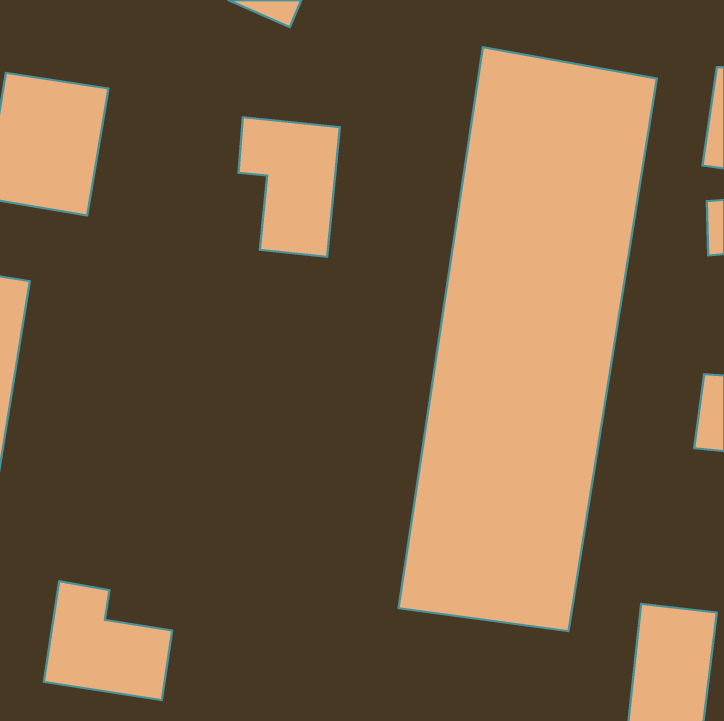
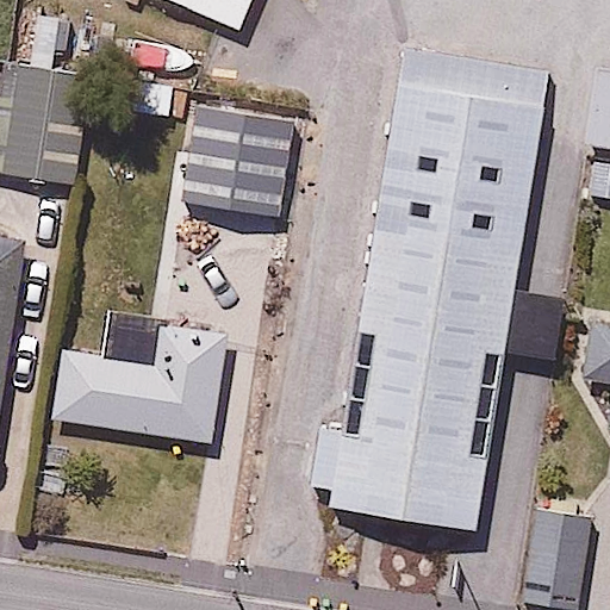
building: none -> [51,316,222,440]
building: [44,581,172,700] -> none

